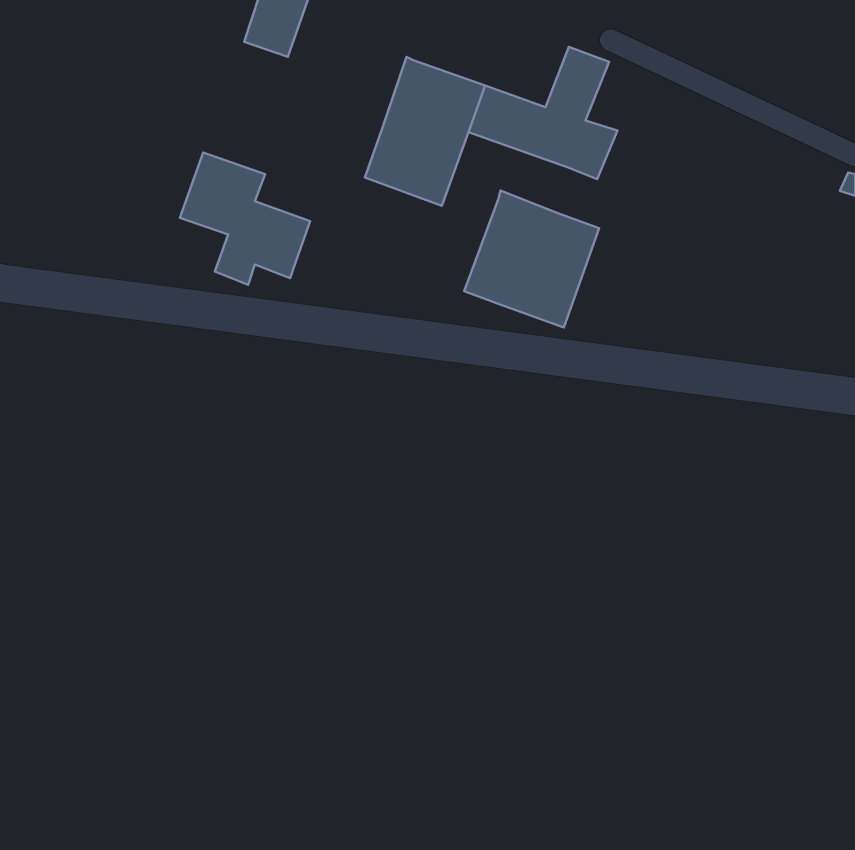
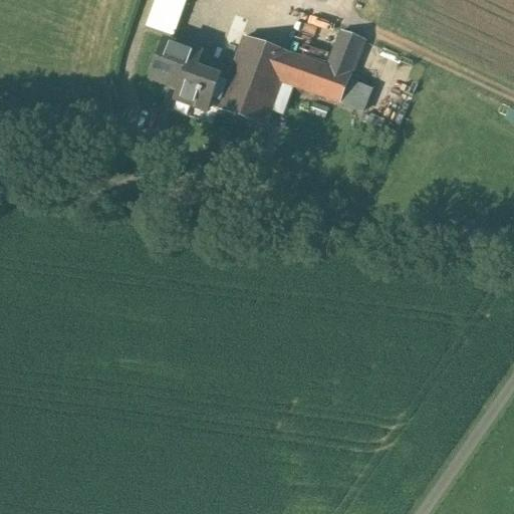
building: [180,153,310,285] -> [151,37,229,116]
building: [464,190,599,327] -> none

